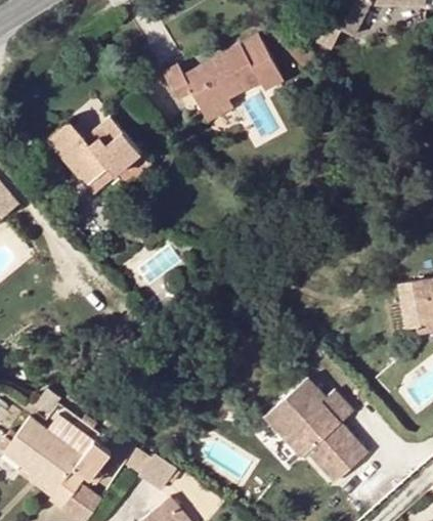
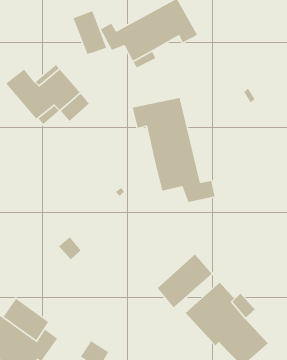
building: none -> [72,10,107,55]
building: none -> [132,97,215,203]
building: none -> [157,253,213,309]

